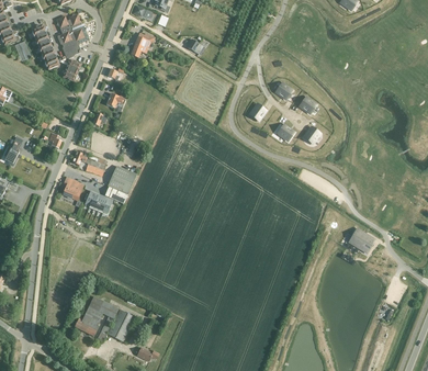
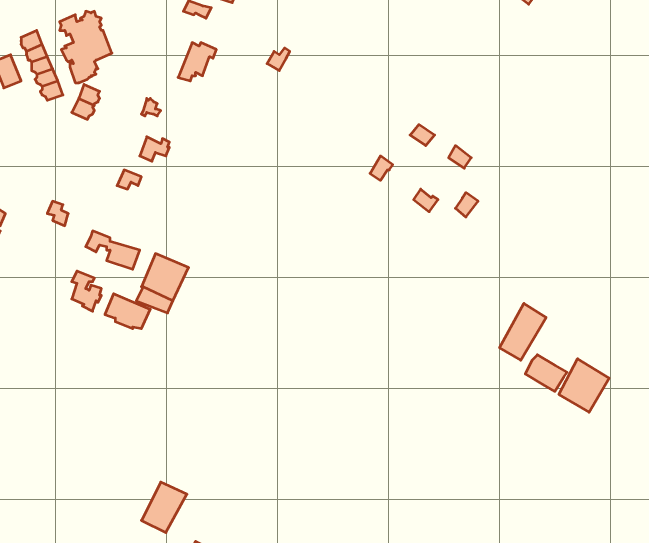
building: none -> [500,303,546,360]
building: none -> [559,359,609,412]
building: [75,296,119,340] -> none

